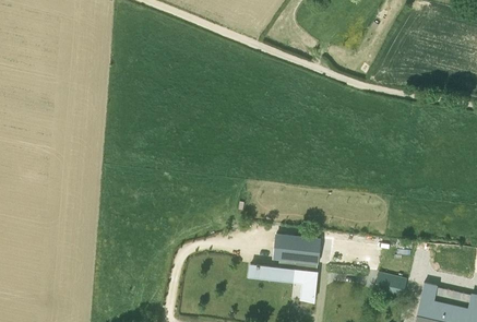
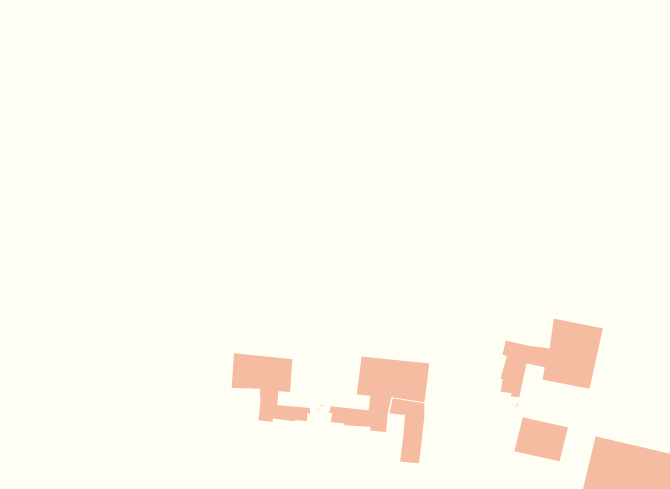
building: none -> [500,318,604,407]
building: none -> [231,352,319,422]

